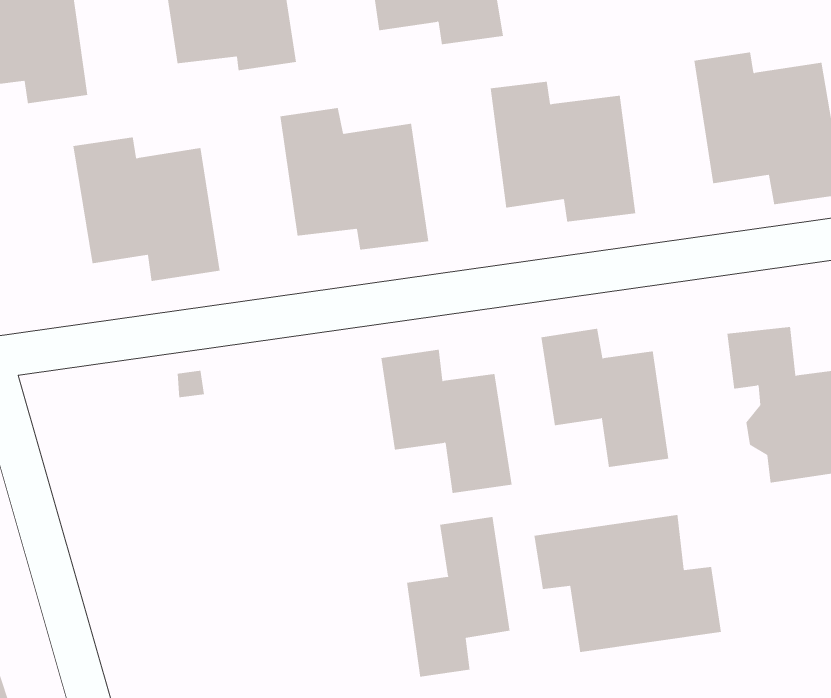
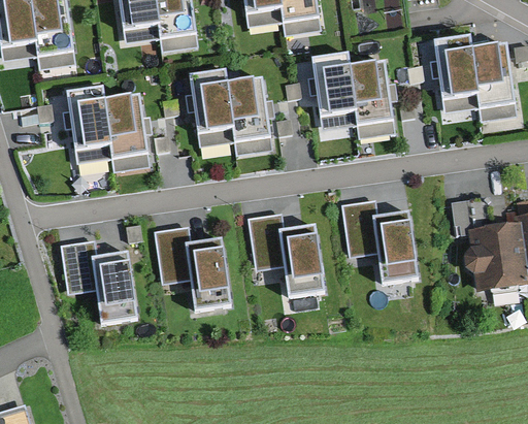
building: none -> [154,227,229,309]
building: none -> [60,241,136,326]
building: [534,514,722,653] -> none
building: [407,516,510,677] -> none

